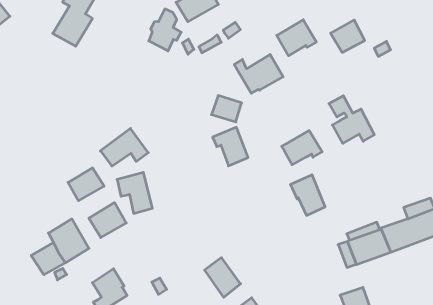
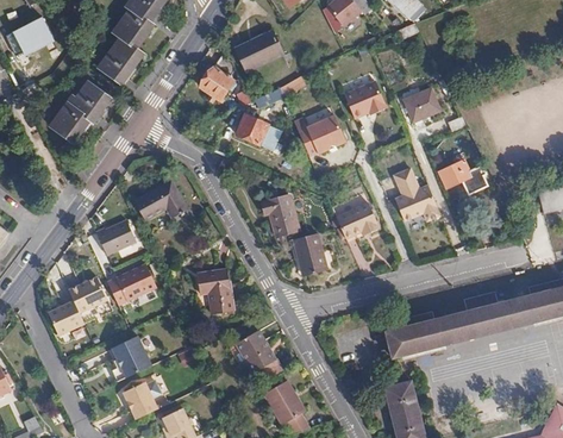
building: none -> [50,83,110,145]
building: none -> [437,159,487,194]
building: [211,96,242,122] -> [236,113,270,144]
building: [117,172,152,213] -> [198,271,233,315]
building: [290,175,325,215] -> [288,231,324,275]

